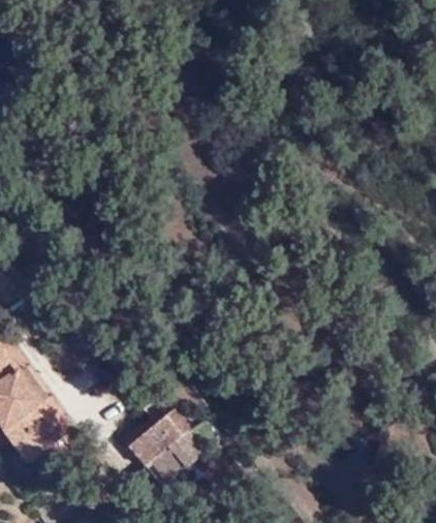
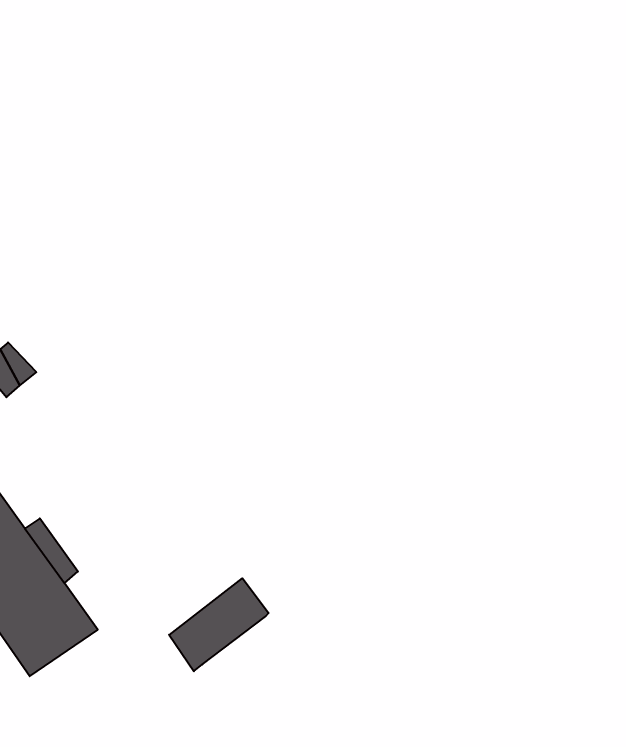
building: [137,429,192,481] -> none

